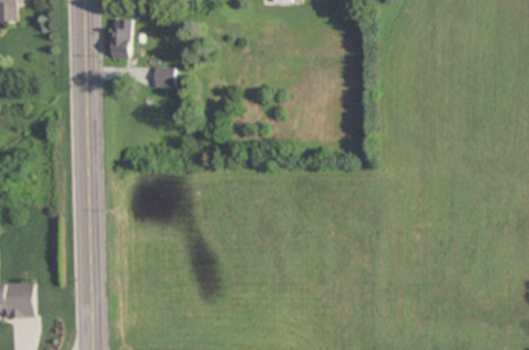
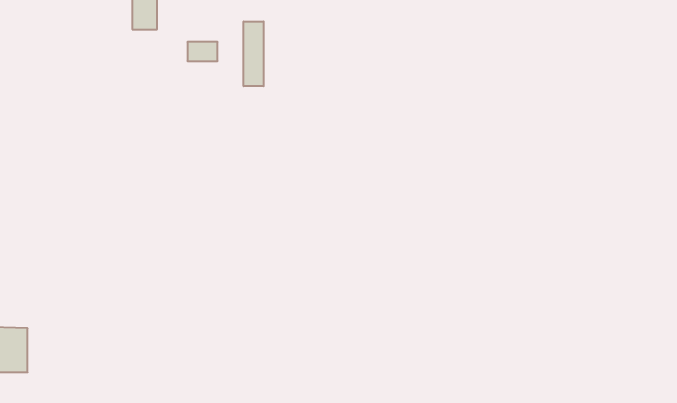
building: none -> [244,21,264,86]

